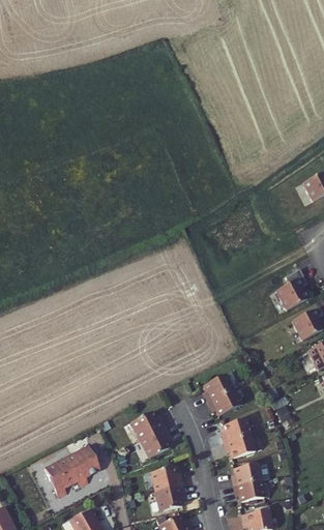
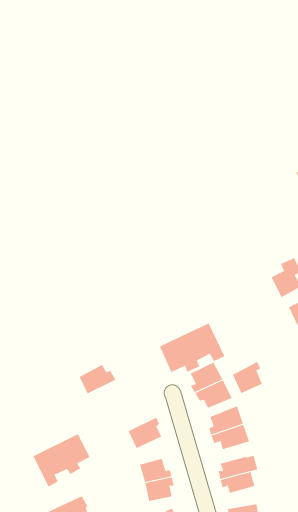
building: none -> [159,323,225,373]
building: none -> [232,361,263,394]
building: [129,412,167,442] -> [79,364,116,394]

